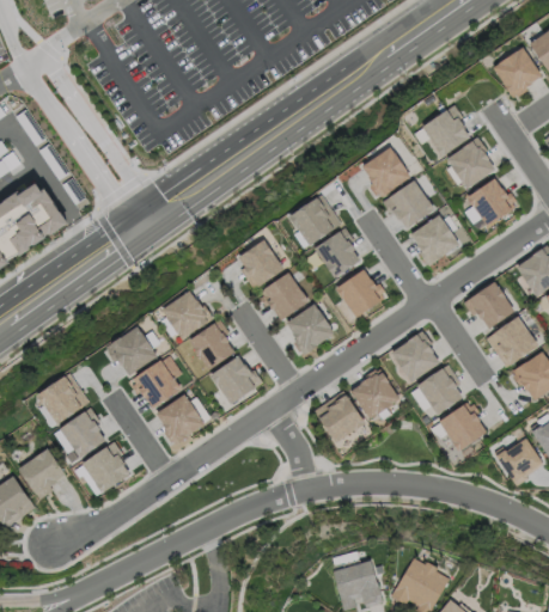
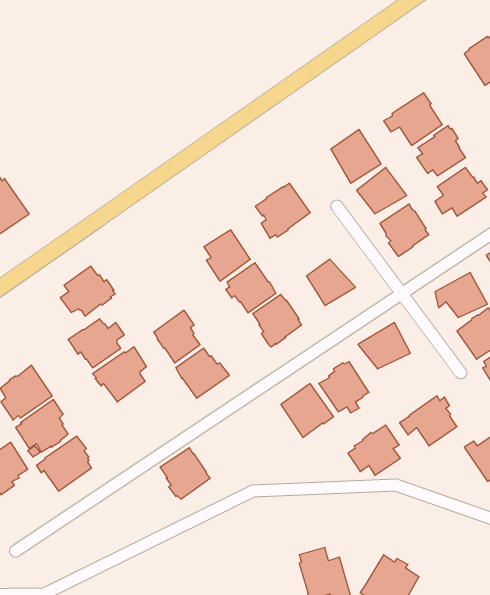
building: [315,228,359,279] -> none
building: [159,292,213,341] -> [60,266,115,316]
building: [410,366,462,415] -> [348,425,400,475]
building: [155,394,205,445] -> [160,448,210,499]

